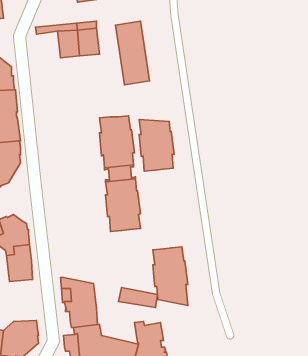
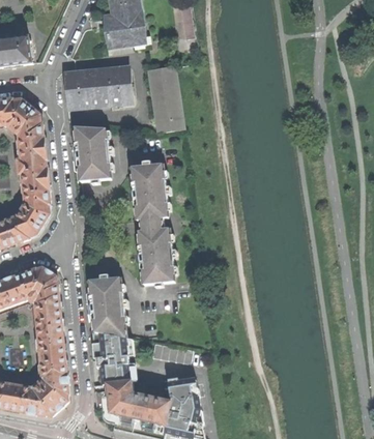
building: none -> [67,77,92,106]
building: [139,119,174,171] -> [76,127,112,181]
building: [153,247,188,306] -> [90,277,126,339]
building: none -> [39,334,67,378]

